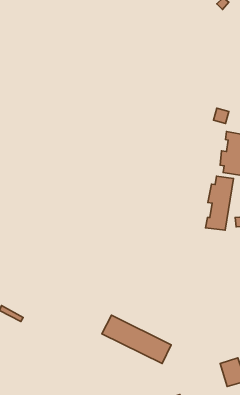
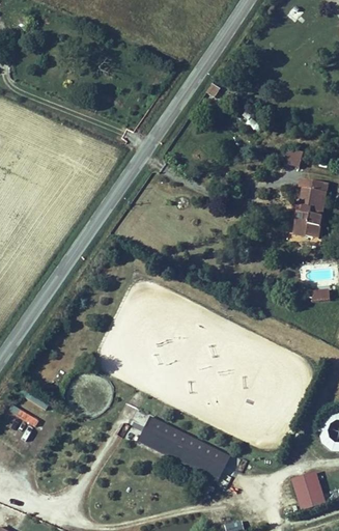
building: [205,176,233,230] -> none

